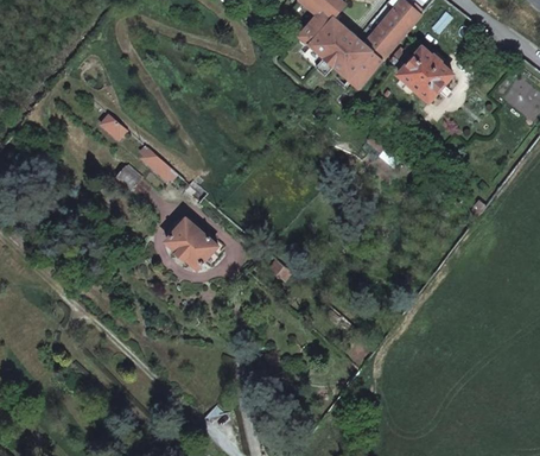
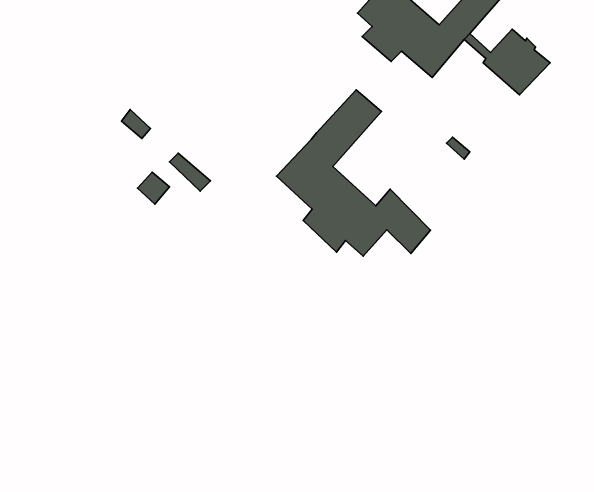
building: none -> [277,90,431,256]
building: [167,217,218,268] -> none

